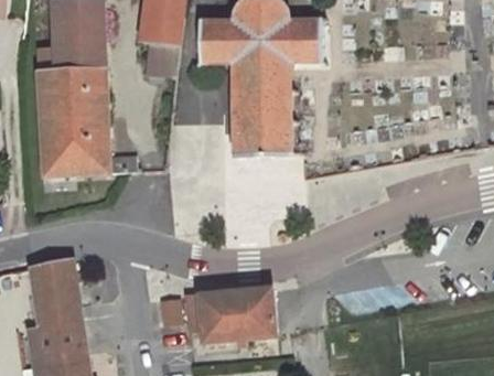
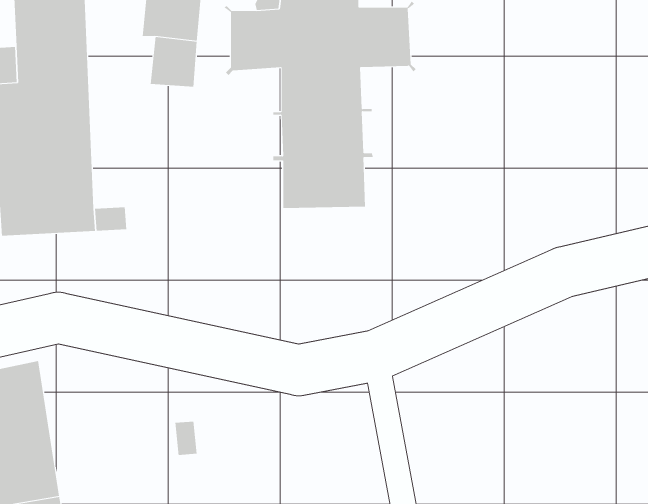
building: [184,288,276,343] -> none

